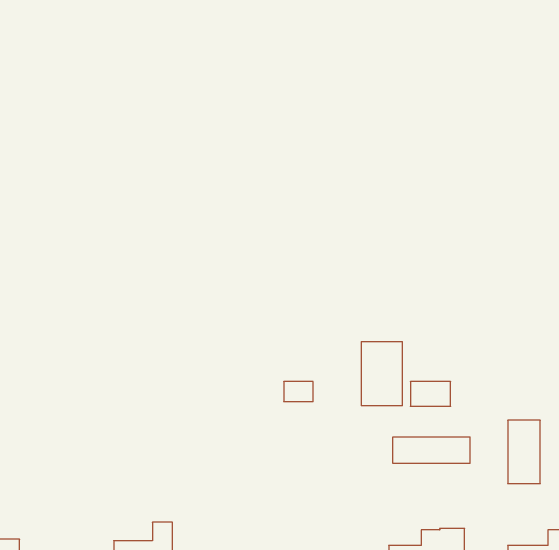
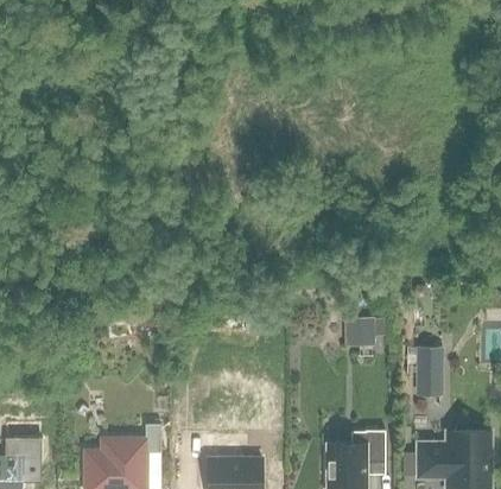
building: [361,342,402,406] -> none
building: [393,437,470,463] -> none

